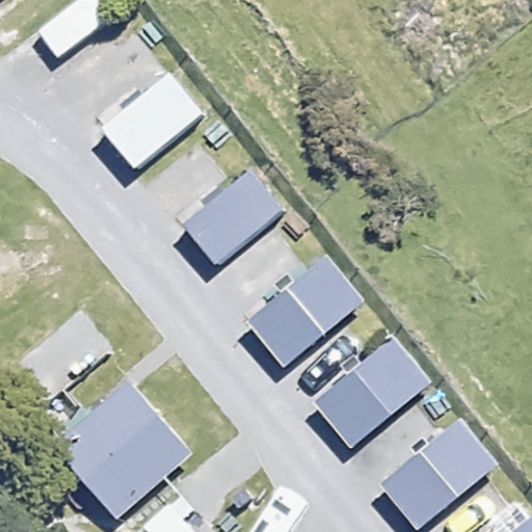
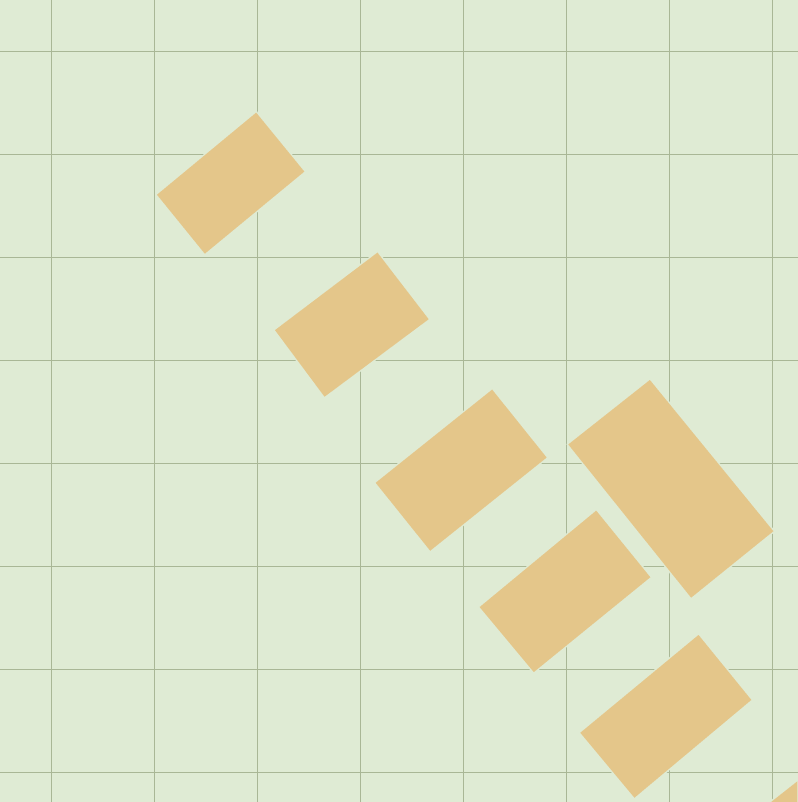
building: none -> [567,379,774,599]
building: [50,381,192,522] -> none

